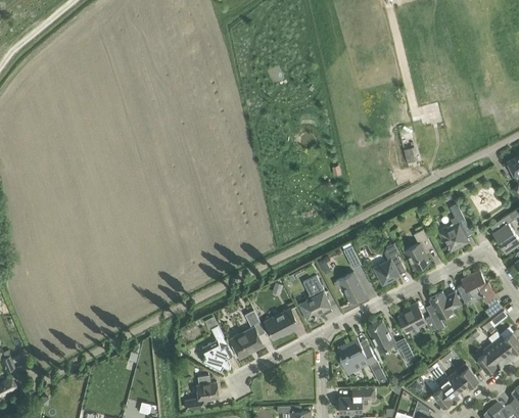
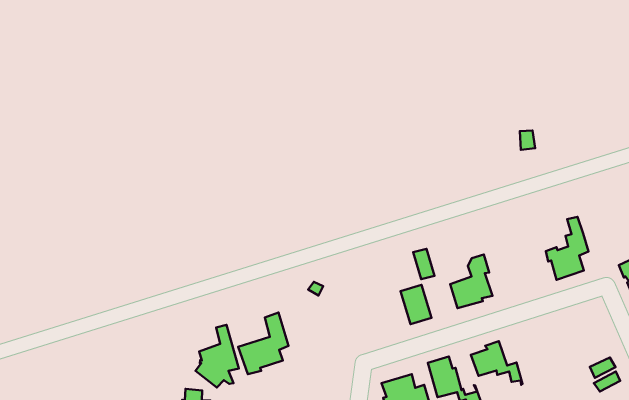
building: [405,229,432,269] -> none
building: [458,270,494,301] -> none
building: [299,275,332,320] -> none
building: [429,291,461,330] -> none
building: [265,309,299,337] -> none

